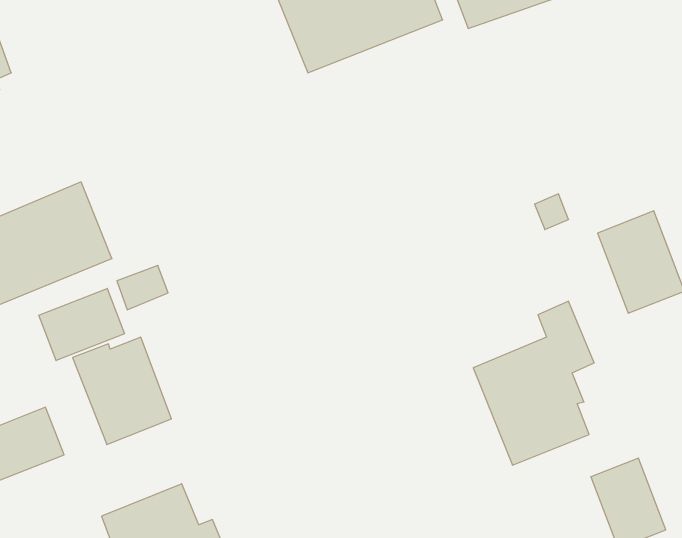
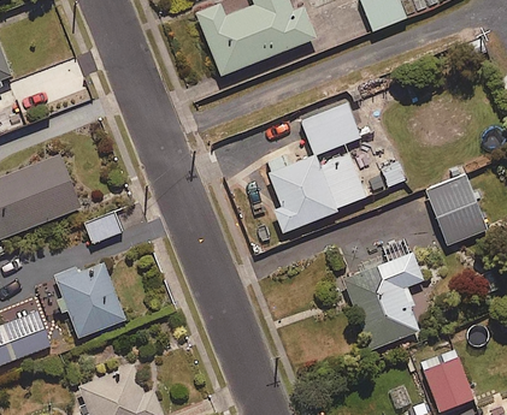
building: none -> [264,102,366,233]
building: [39,288,124,361] -> none

